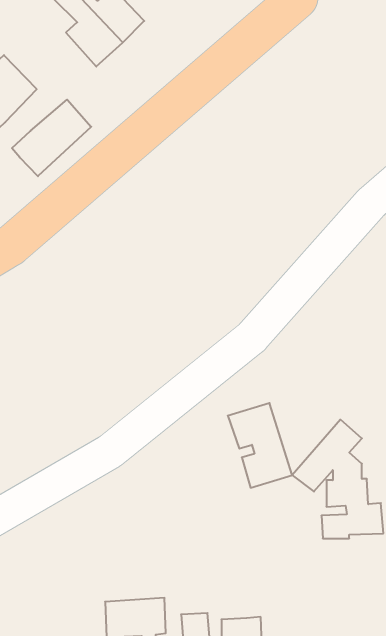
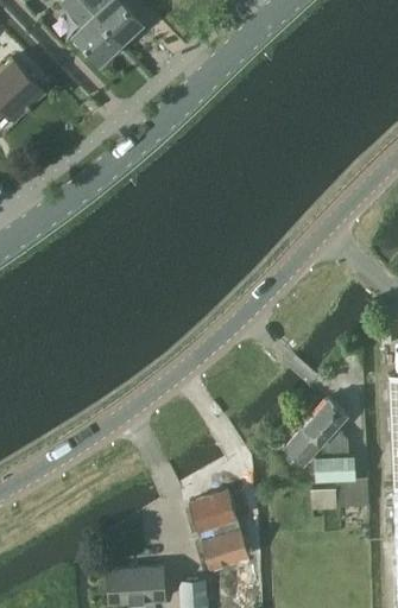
building: [12,100,91,176] -> none
building: [228,403,292,488] -> [189,490,249,570]

